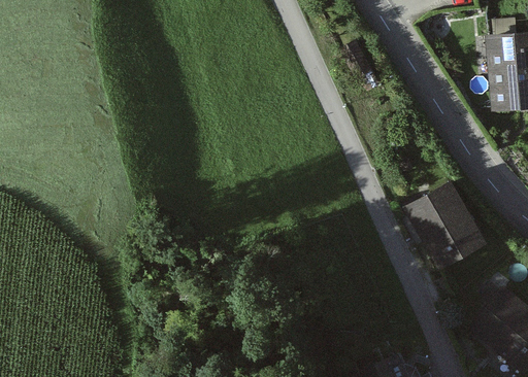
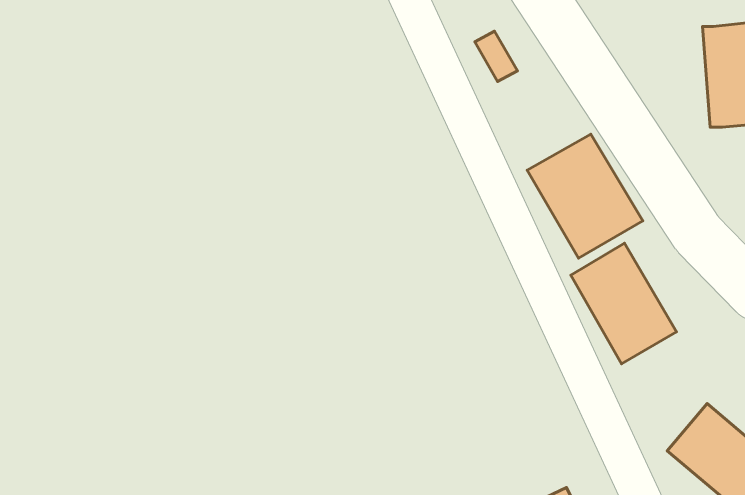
building: none -> [527,134,643,258]

